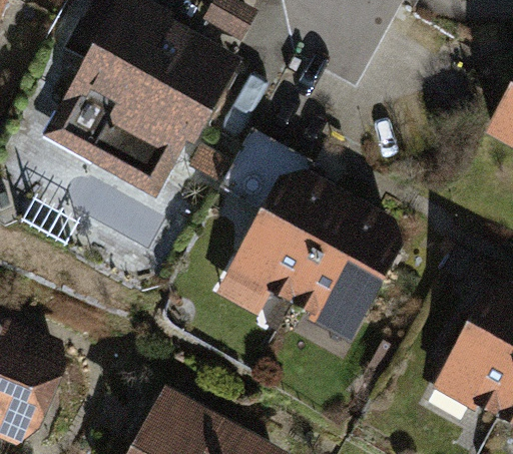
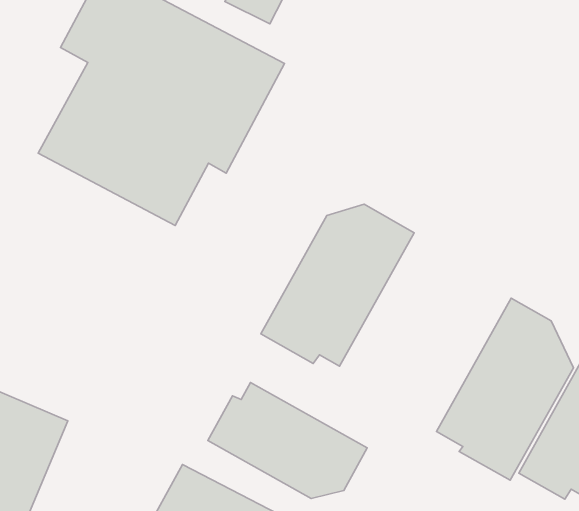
building: [286,200,396,347] -> [437,298,574,480]
building: none -> [208,383,367,499]

